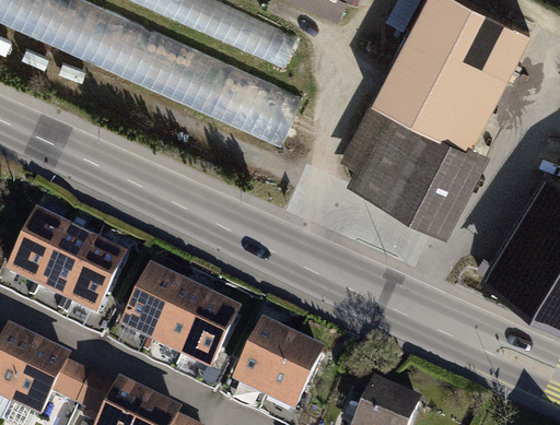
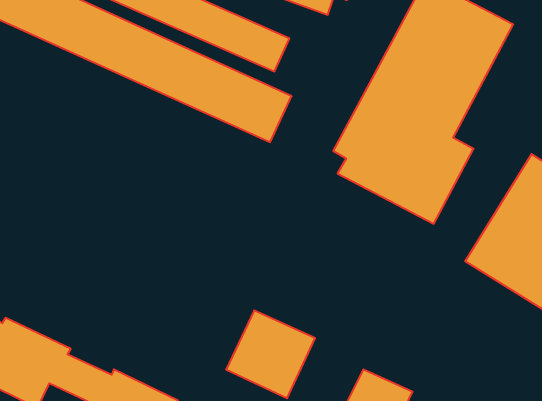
building: [8,209,128,314] -> none
building: [122,264,244,369] -> none

